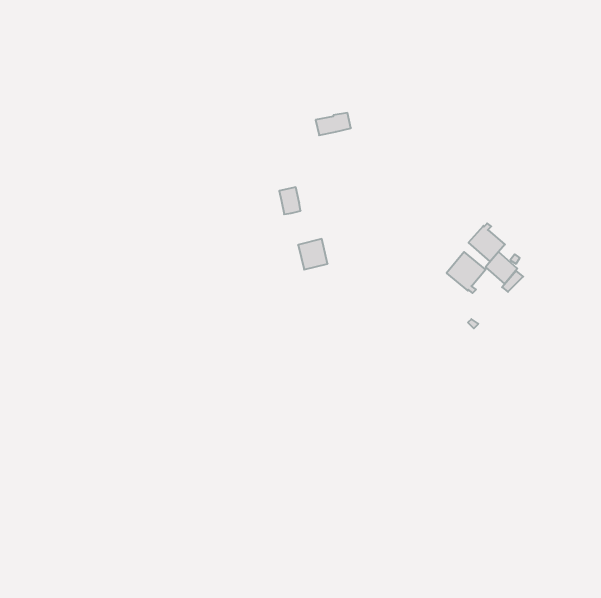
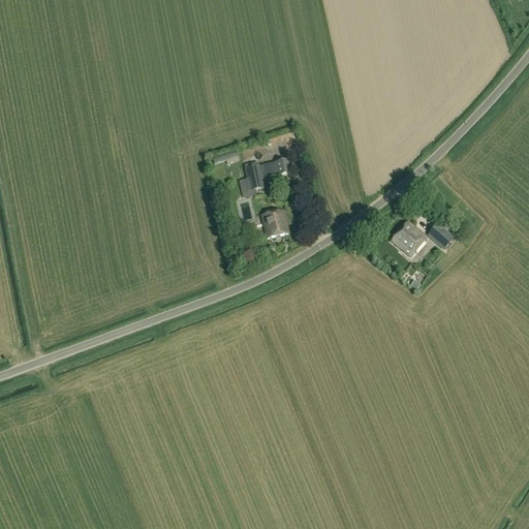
building: [316,113,351,135] -> [259,158,290,178]
building: [469,223,505,261] -> none

